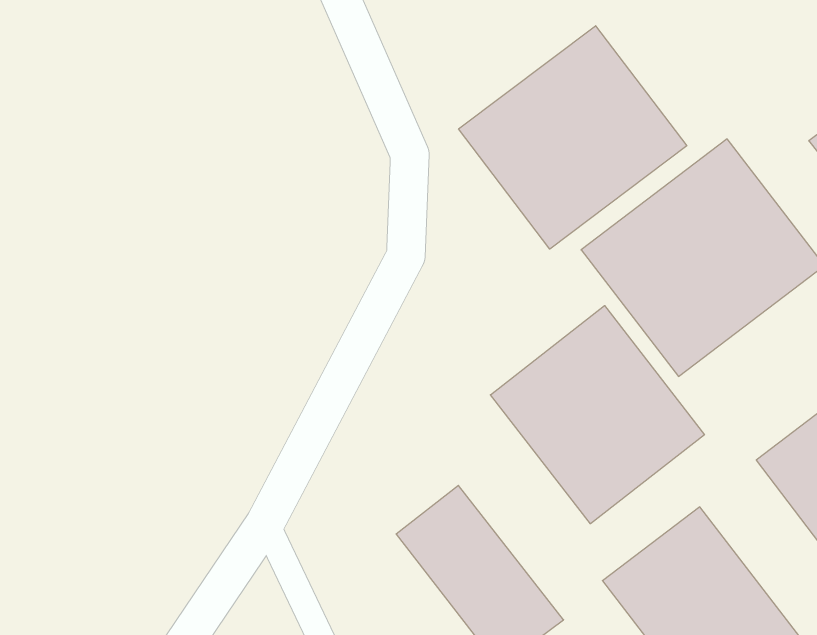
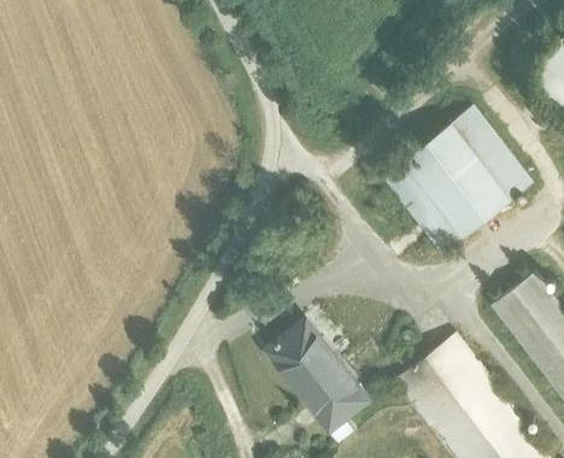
building: [459,26,687,249] -> none
building: [490,306,704,524] -> none

